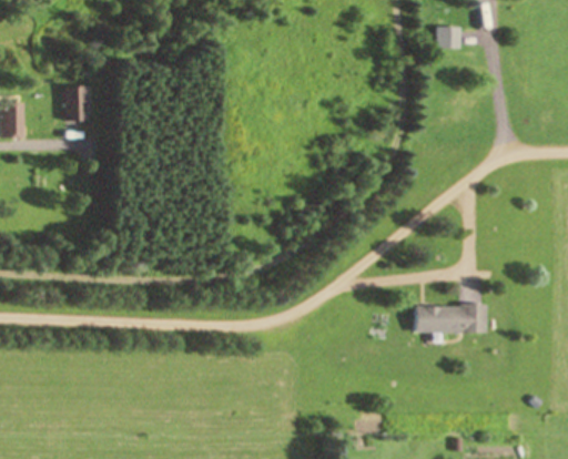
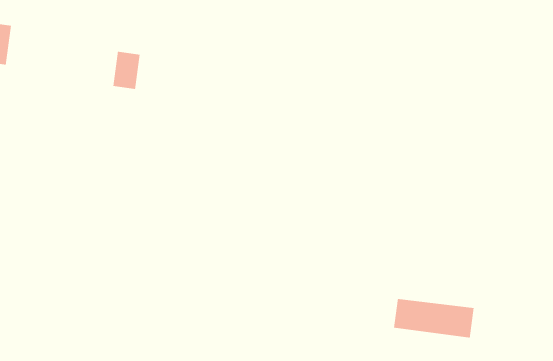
building: [437,26,460,48] -> none
building: [63,86,85,120] -> [112,51,141,89]

